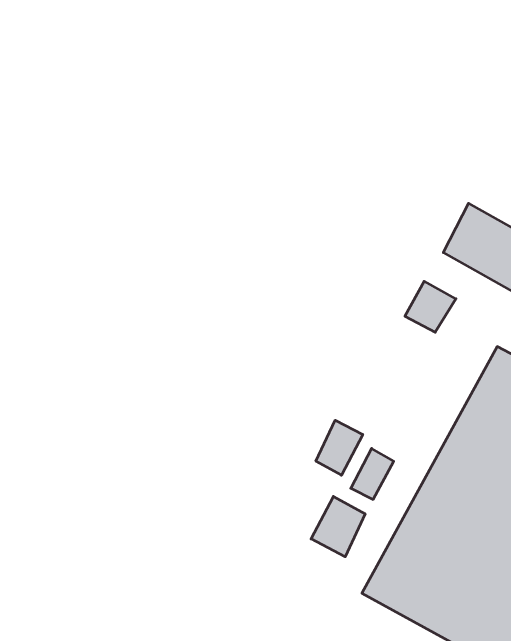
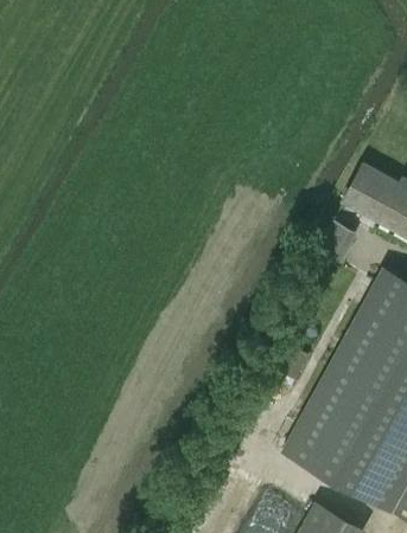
building: [316,420,363,475] -> none
building: [311,496,365,557] -> none

